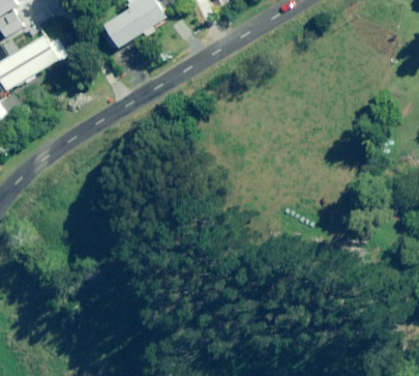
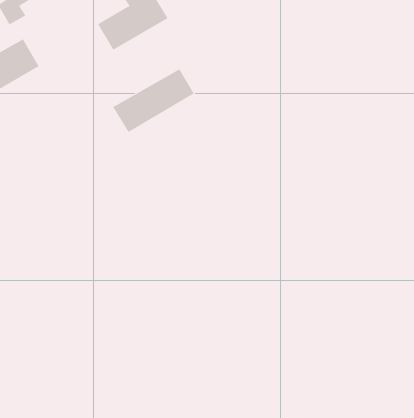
building: none -> [112,68,194,133]

